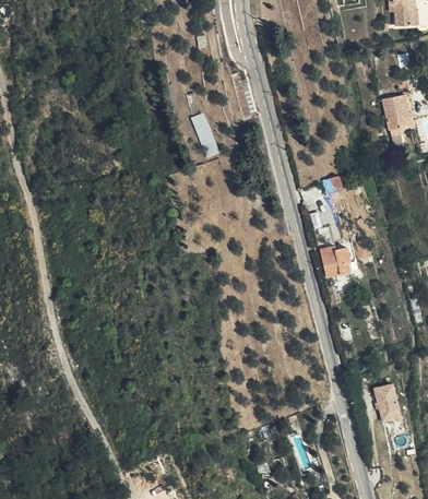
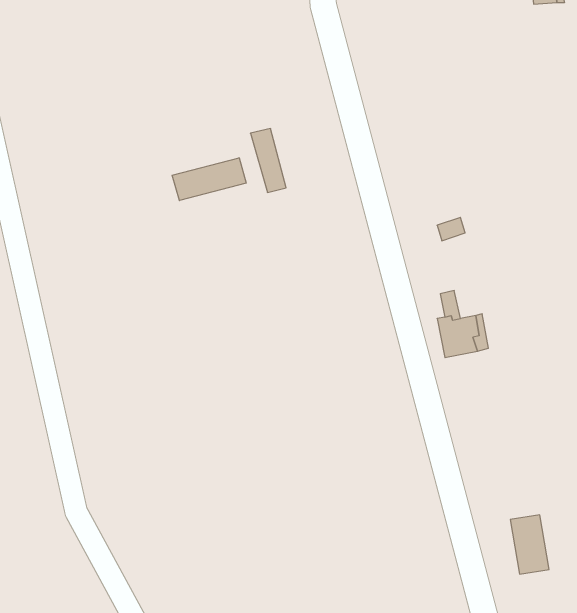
building: [383,97,414,132] -> none
building: none -> [172,158,246,201]

